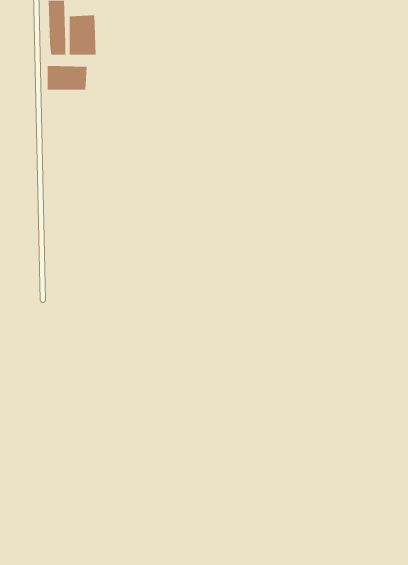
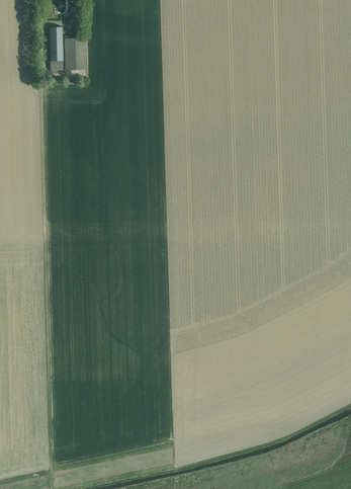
building: [47,65,87,91] -> none

